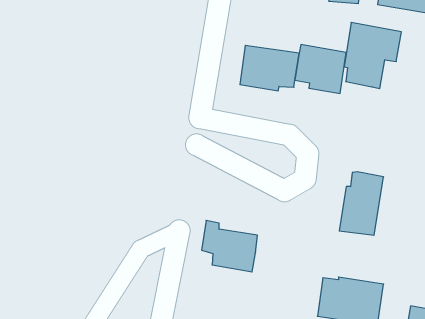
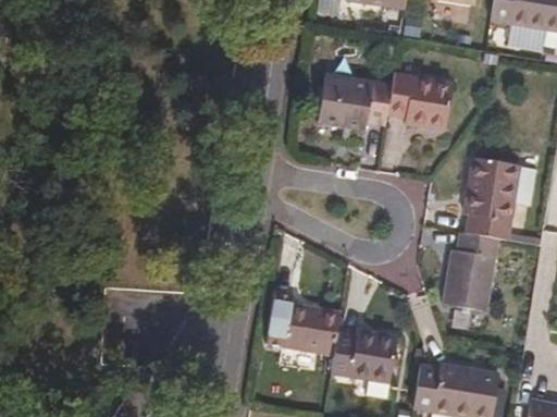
building: [344,22,401,89] -> [463,157,535,240]
building: none -> [332,327,396,384]

